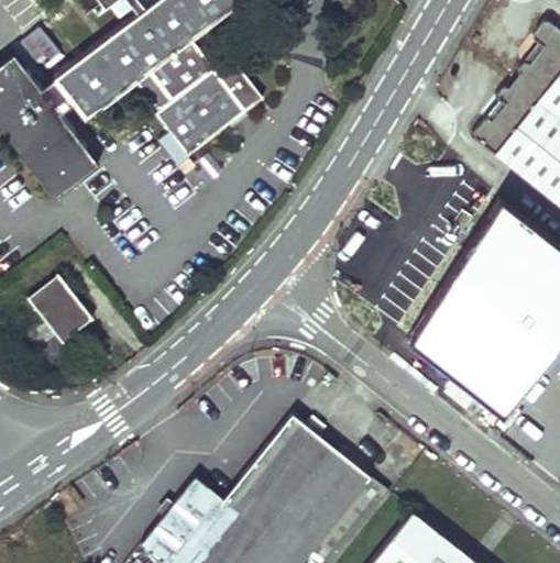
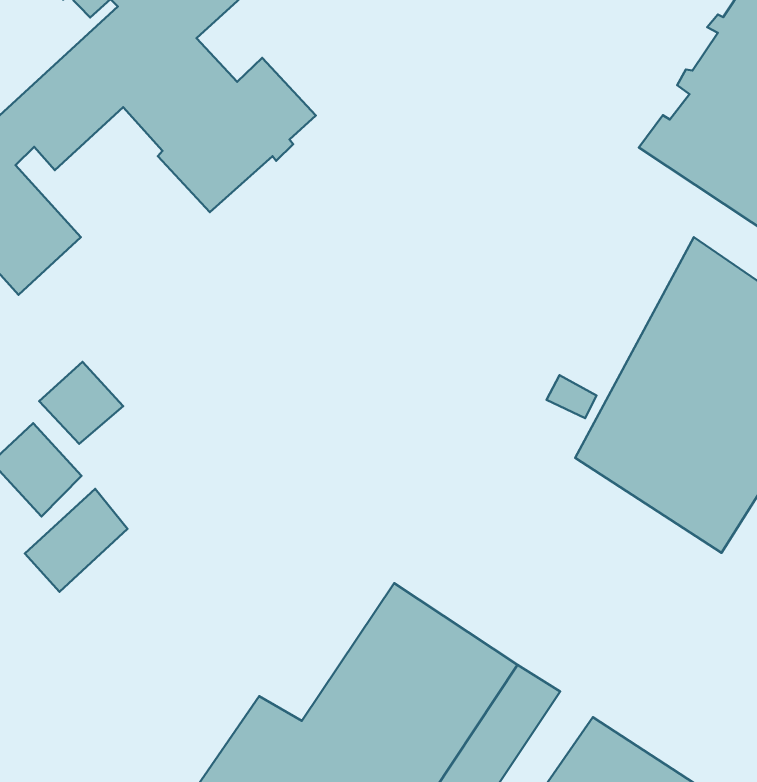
building: none -> [39,362,123,444]
building: none -> [25,489,128,592]

